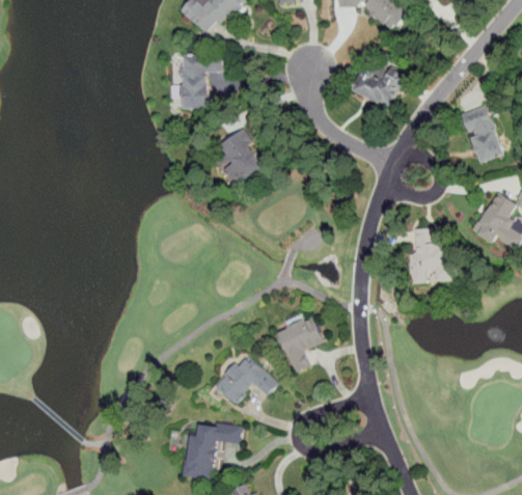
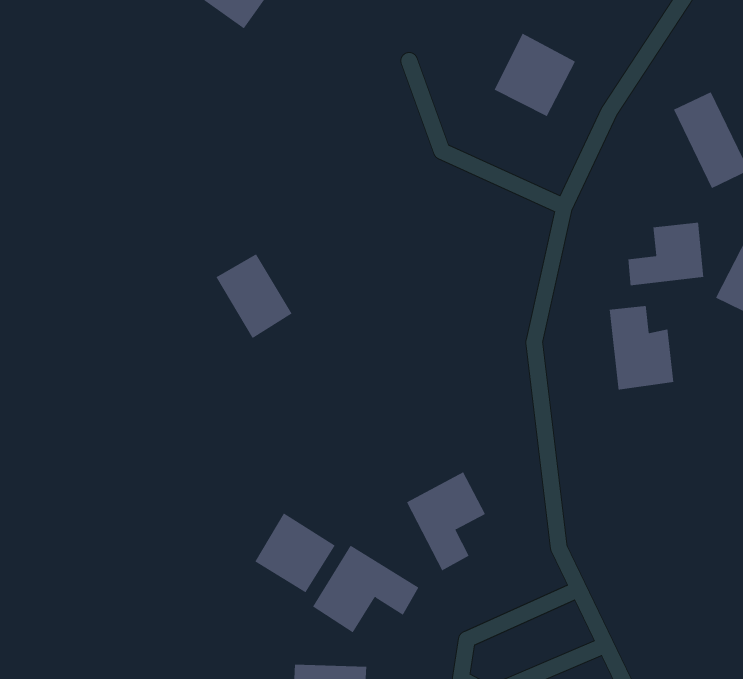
building: [181,53,221,108] -> none
building: [218,131,262,182] -> [216,253,293,339]
building: none -> [628,222,704,286]
building: none -> [255,512,335,593]

